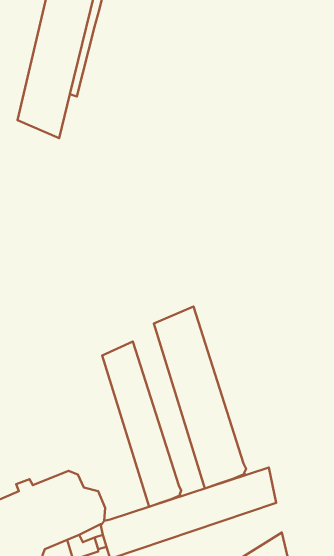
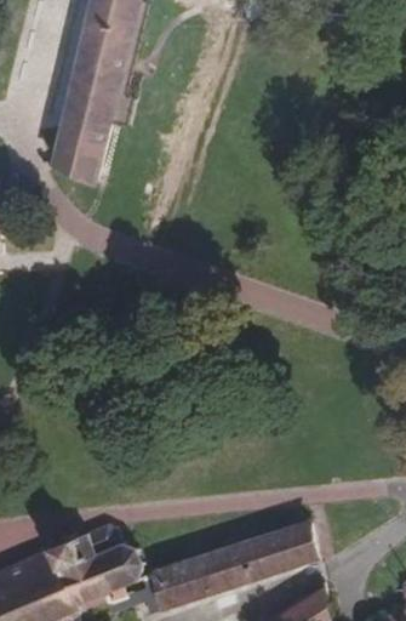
building: [154,306,246,488] -> none
building: [102,341,181,507] -> none

